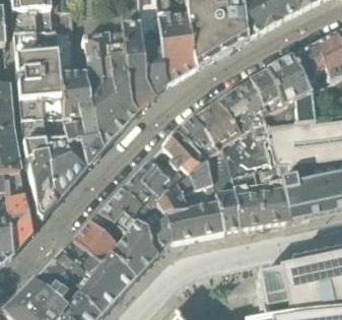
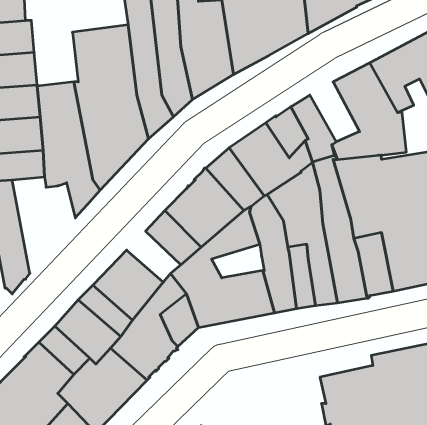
building: [249,70,283,112] -> none
building: [43,136,86,203] -> none
building: [122,174,159,209] -> none

